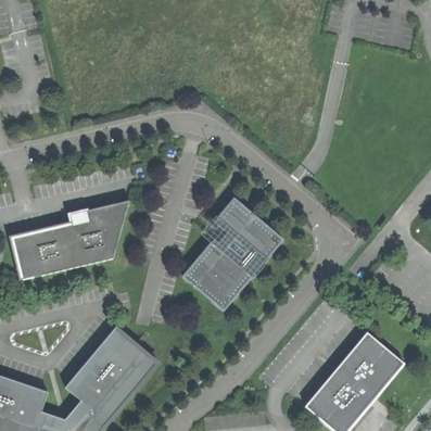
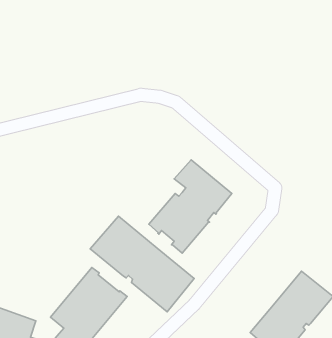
building: [9,199,129,279] -> none
building: none -> [90,216,194,312]

